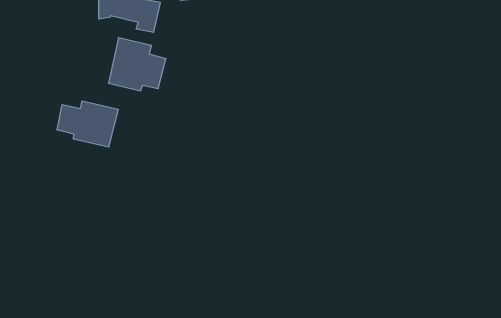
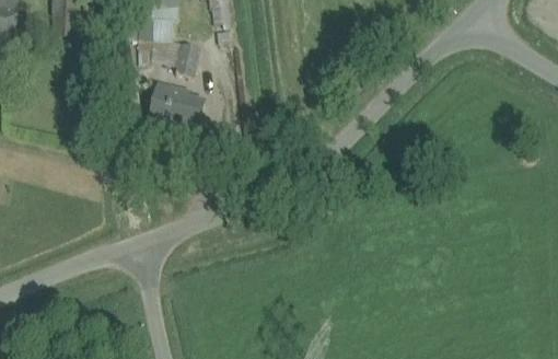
building: [57,101,118,147] -> none

